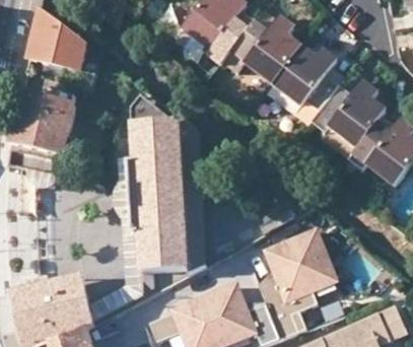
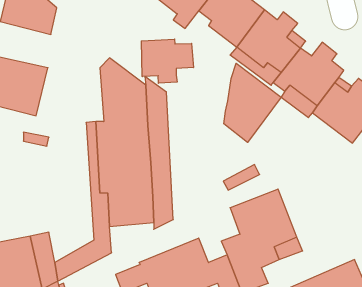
building: none -> [141,39,193,83]
building: none -> [224,63,281,142]

